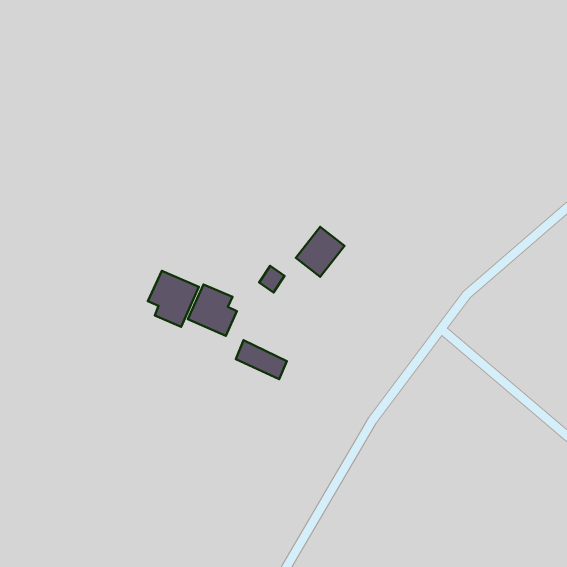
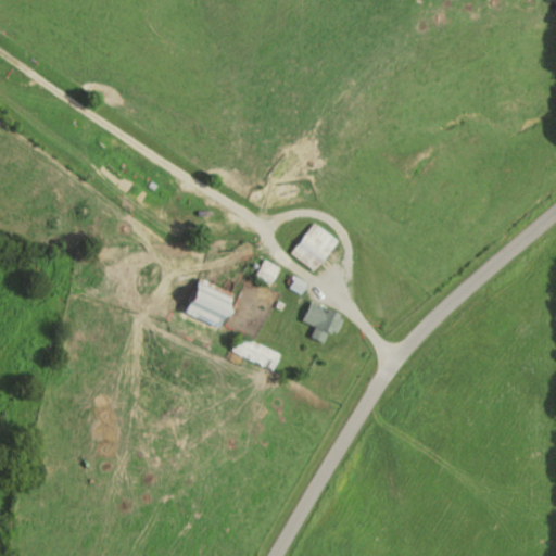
building: [148,271,199,327] -> none
building: none -> [305,303,336,339]

